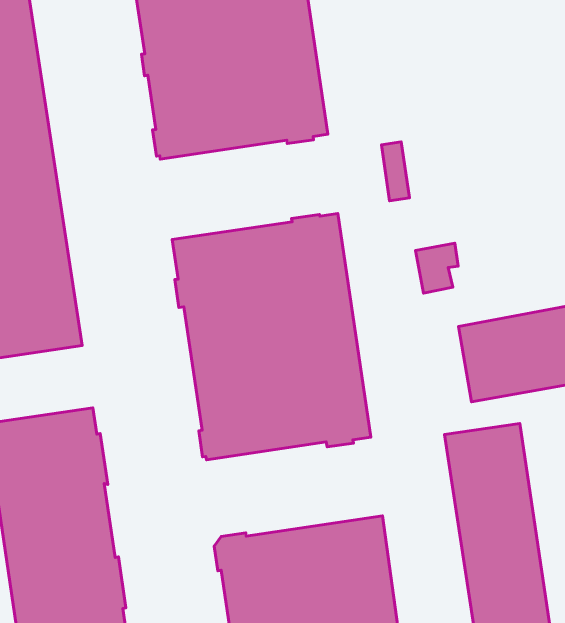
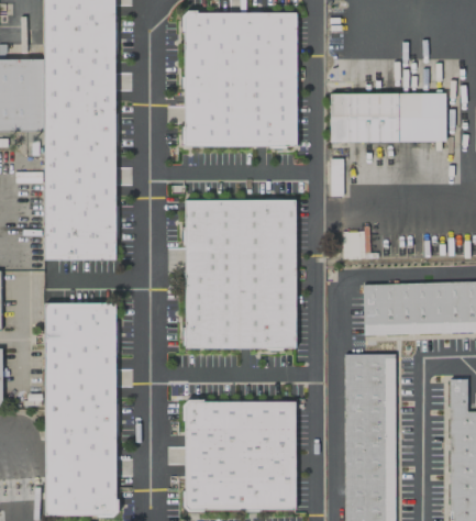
building: none -> [331,93,446,142]

